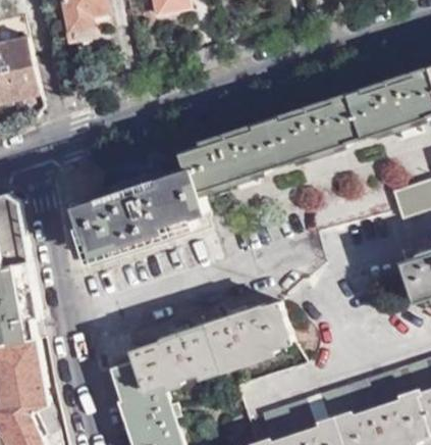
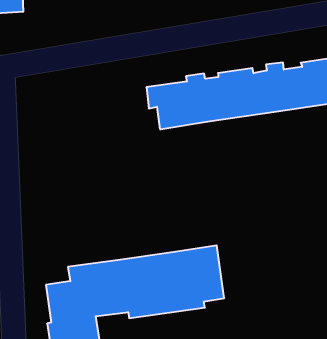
building: [78,166,211,253] -> none

